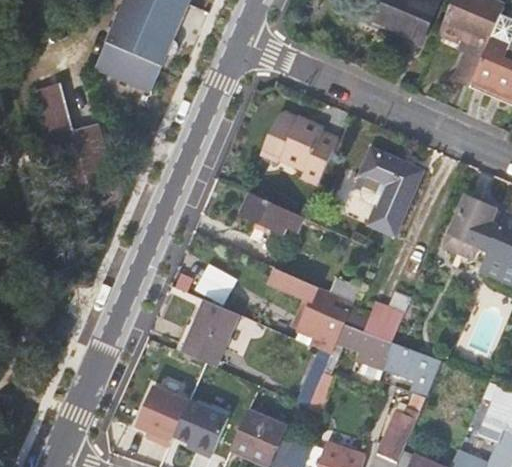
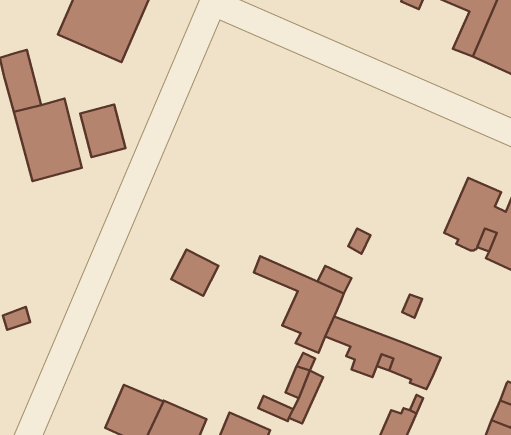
building: [258,111,337,182] -> none
building: none -> [80,104,126,157]
building: [352,147,424,237] -> none
building: [241,193,305,233] -> none
building: [181,299,239,367] -> none
building: [344,301,404,341] -> none

